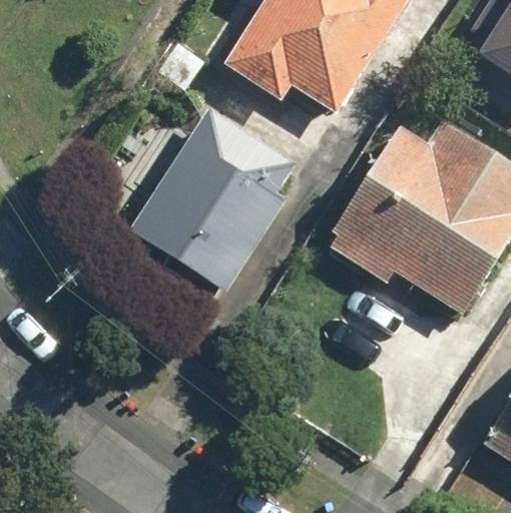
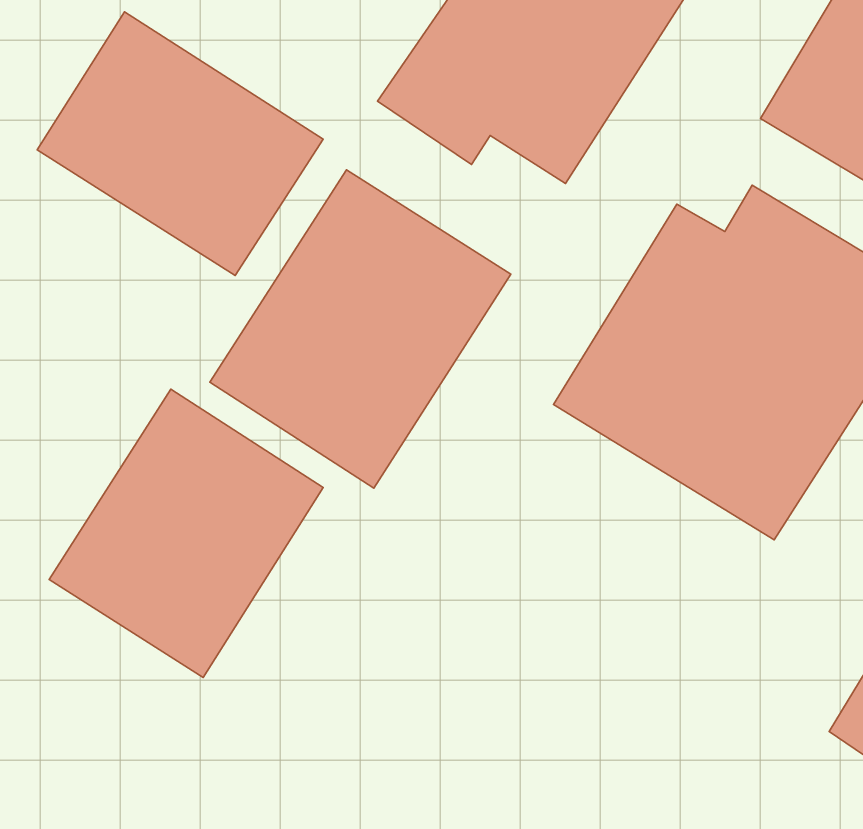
building: none -> [37,12,323,276]
building: none -> [49,389,323,677]

